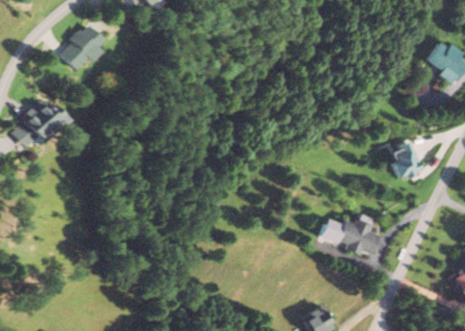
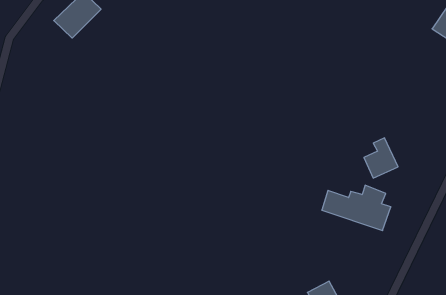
building: [16,97,60,141] -> none
building: [392,140,425,179] -> [364,138,398,178]

